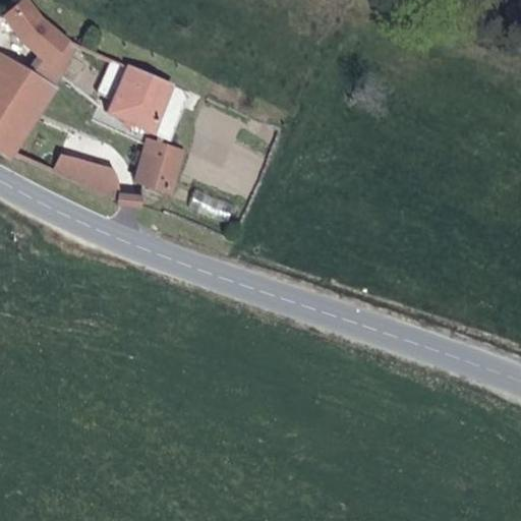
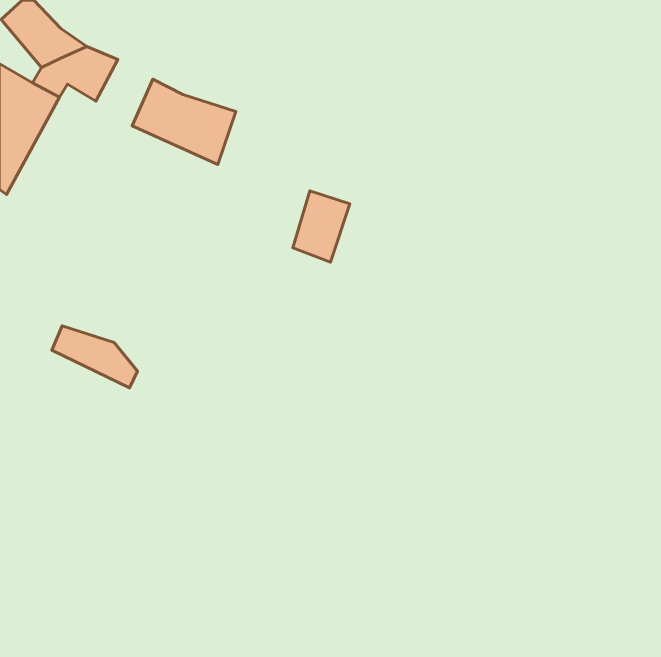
building: [137,135,182,191] -> [293,191,350,262]
building: [57,152,124,200] -> [52,326,137,388]

